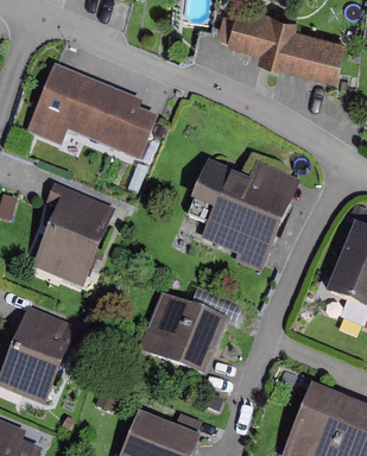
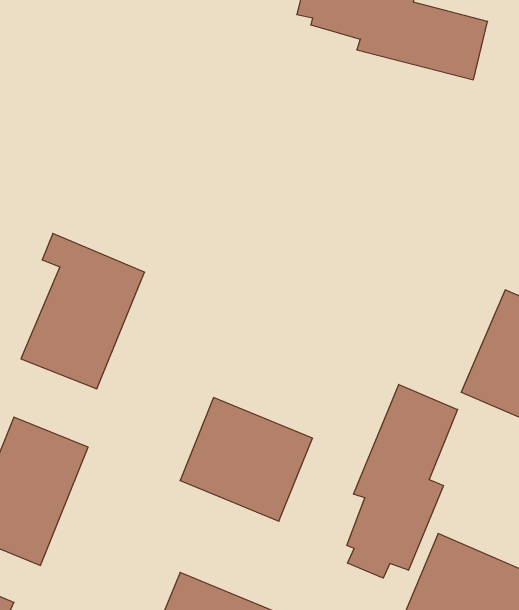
building: [26,64,157,160] -> none
building: [191,159,296,273] -> none
building: none -> [347,384,458,578]

